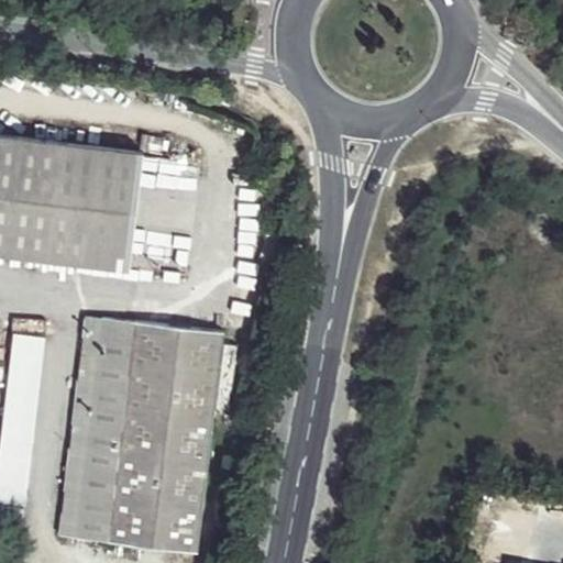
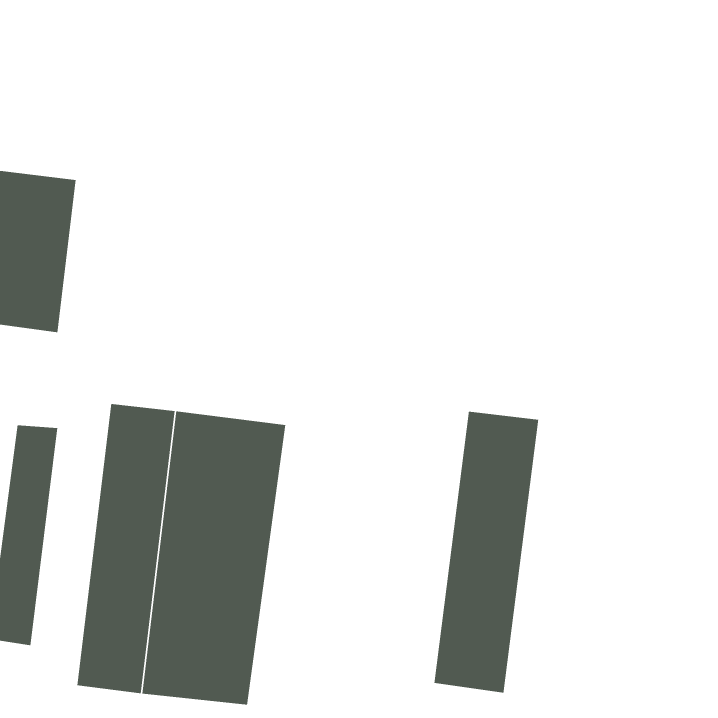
building: [45,144,141,273] -> none
building: none -> [434,411,539,693]

